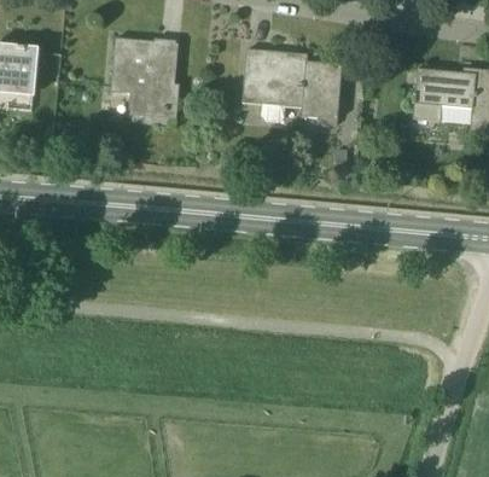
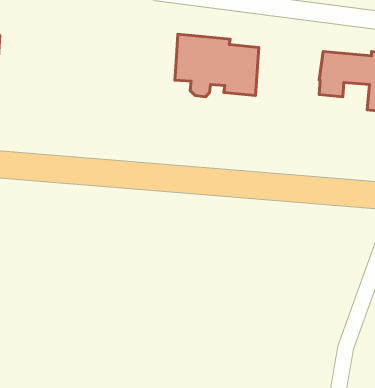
building: [111,39,180,120] -> none

